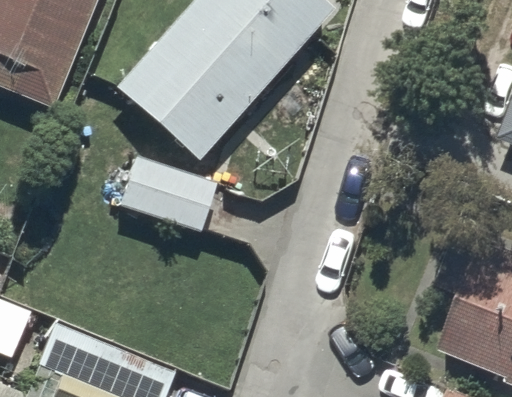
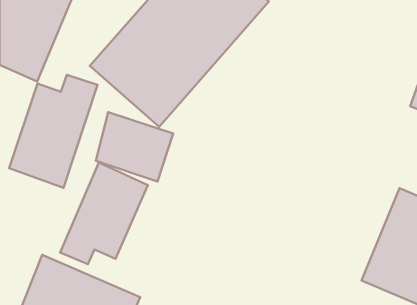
building: none -> [9,75,98,188]
building: none -> [60,163,148,264]

